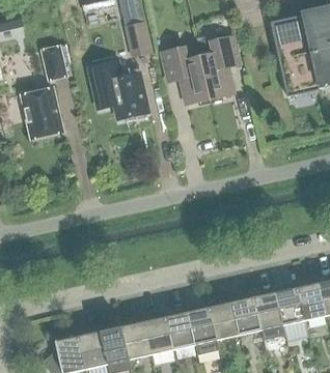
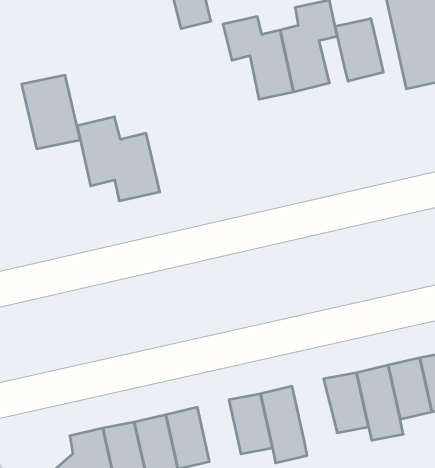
building: [42,46,66,80] -> none
building: none -> [335,18,383,81]
building: [90,61,147,119] -> [77,117,160,201]
building: [209,297,240,340] -> none
building: [143,312,173,354] -> none

